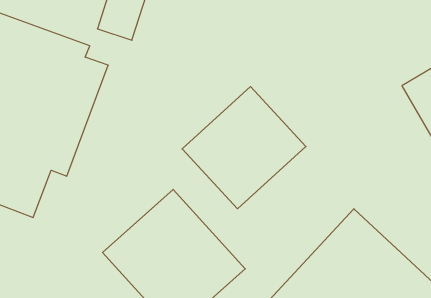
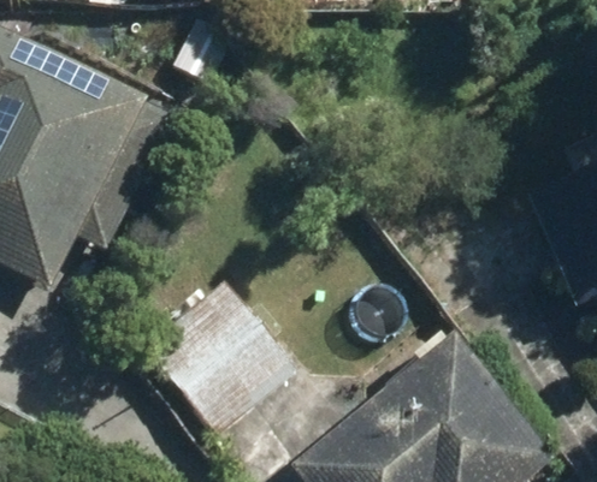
building: [182,87,306,209] -> none

